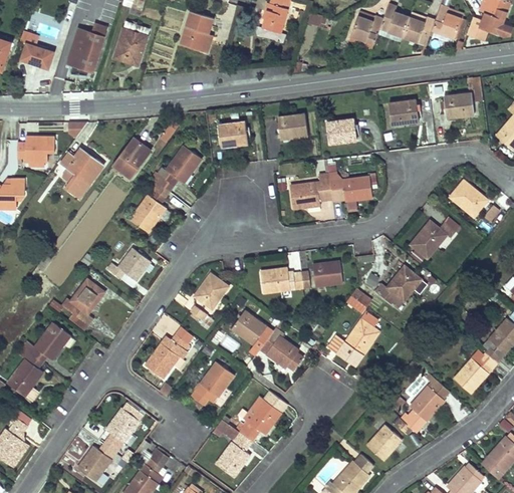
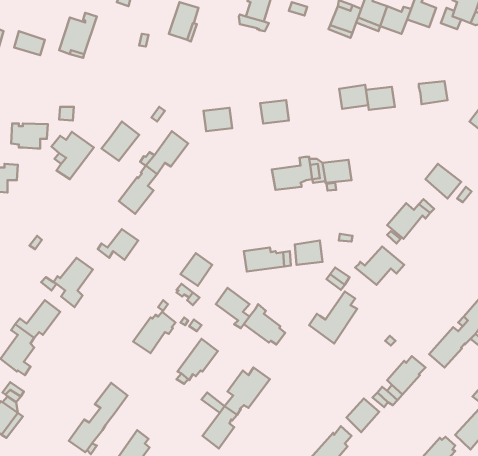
building: [113,21,149,63] -> none
building: [325,118,355,144] -> [339,85,368,109]

